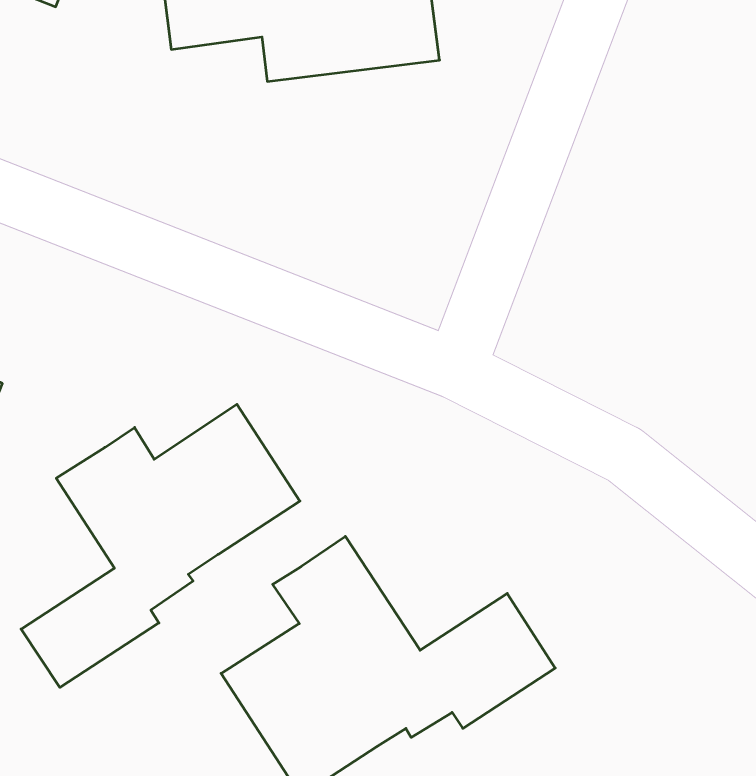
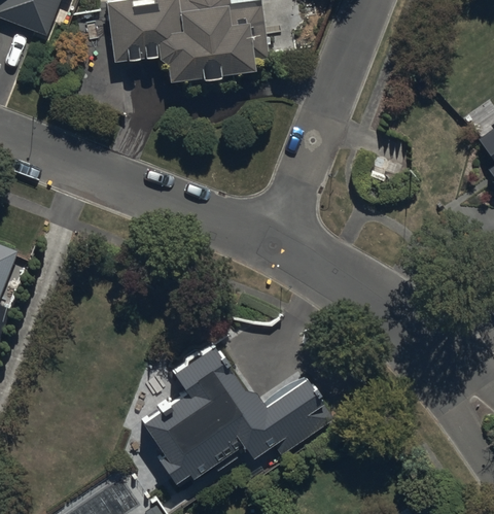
building: [21,404,300,687] -> none

